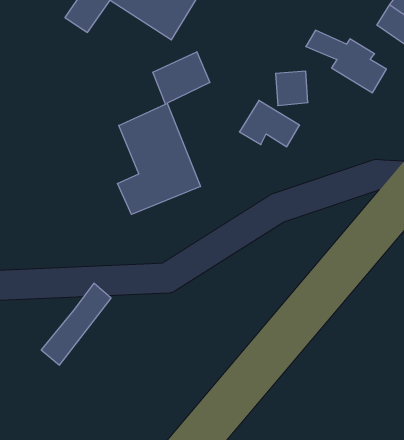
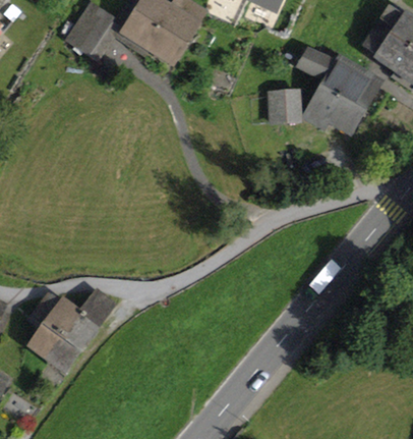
building: [118,52,210,214] -> none
building: [239,100,300,147] -> [304,87,361,130]
building: none -> [33,295,79,353]

